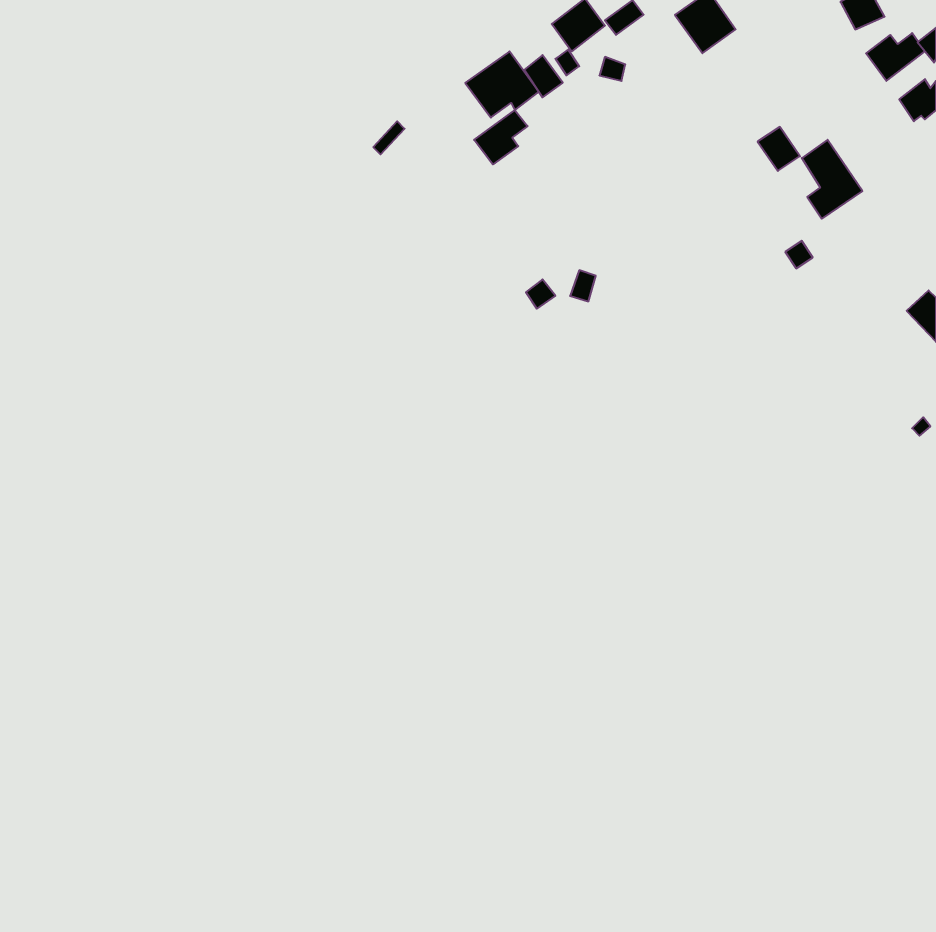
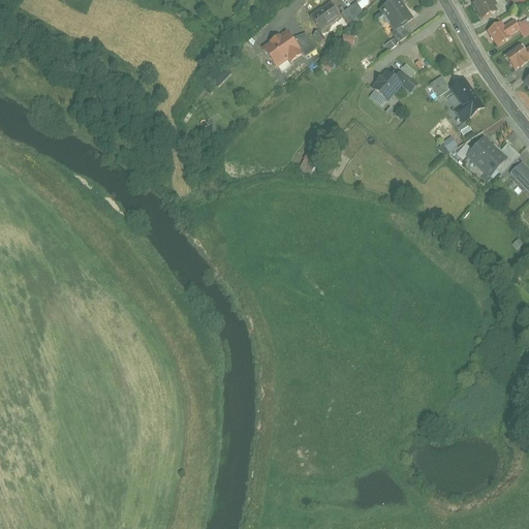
building: [474,110,528,164] -> none
building: none -> [371,66,418,101]
building: none -> [466,136,507,178]

